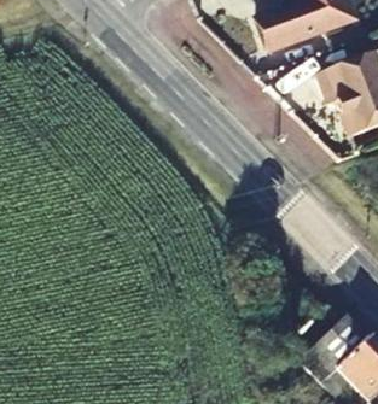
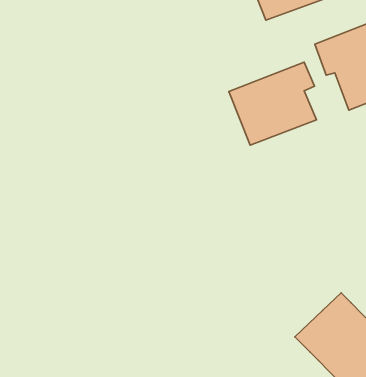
building: none -> [229,62,316,145]

